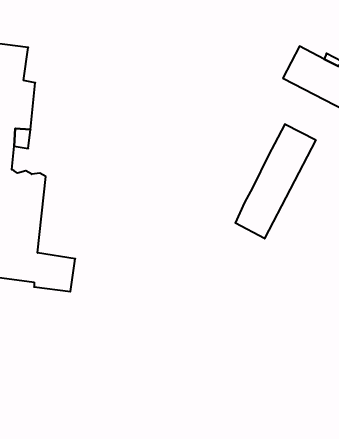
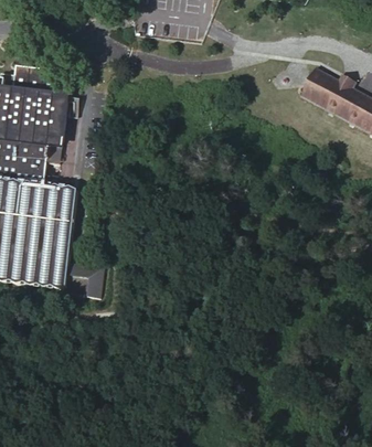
building: [235,124,316,239] -> none

